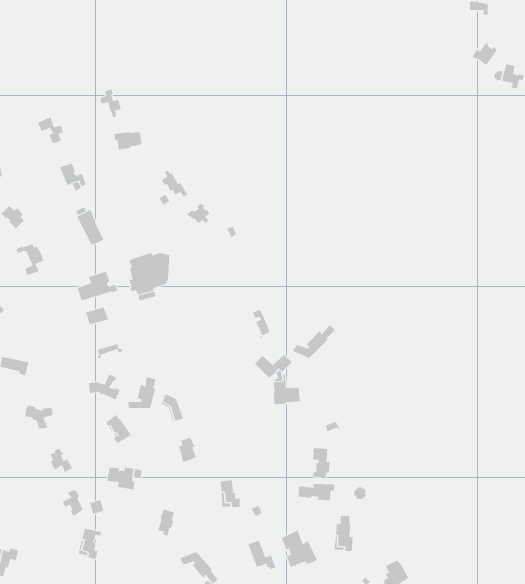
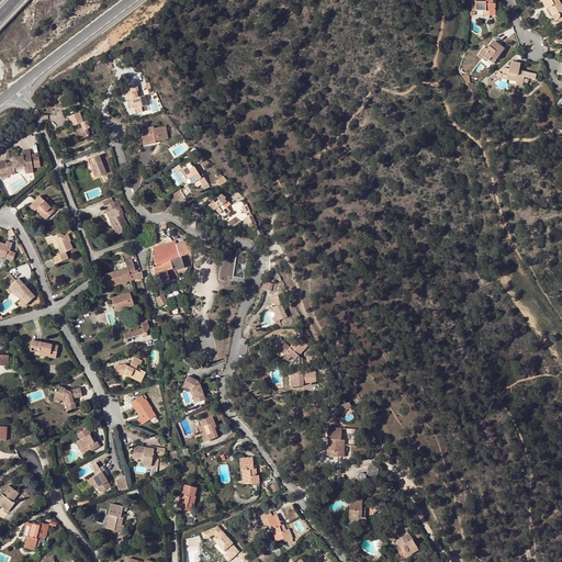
building: [292,324,335,359] -> none
building: [128,376,156,409] -> none
building: [298,483,335,501] -> none
building: [281,530,318,568] -> none

